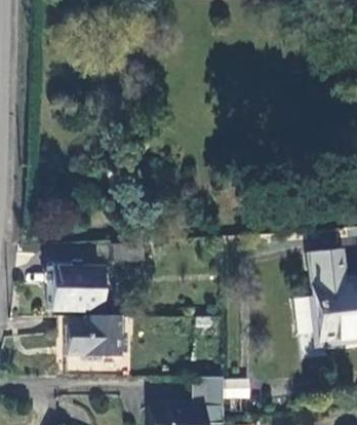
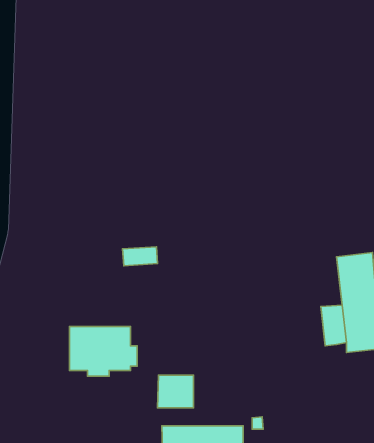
building: [52,266,103,311] -> none
building: [193,377,226,407] -> [157,375,193,408]

